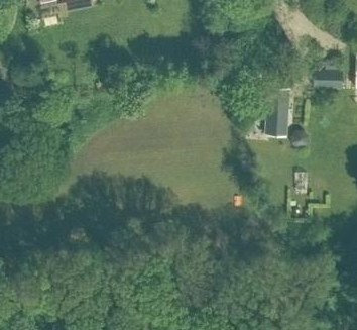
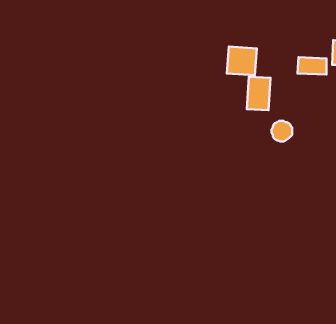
building: none -> [227,46,257,75]

